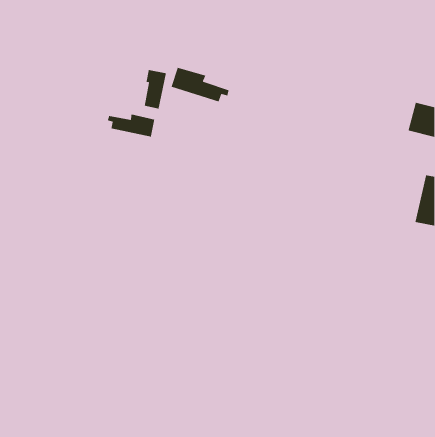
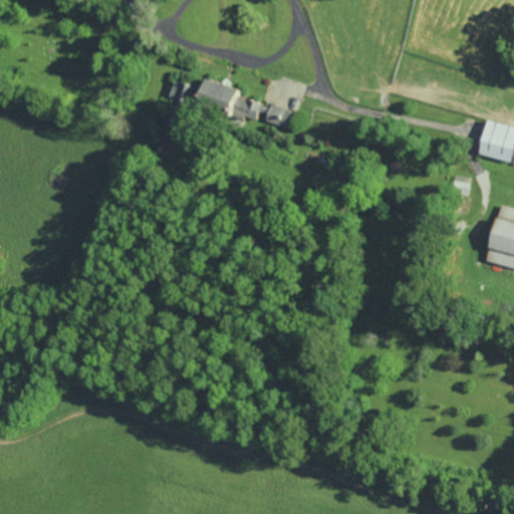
building: none -> [266,103,296,130]
building: [107,114,155,138] -> none

